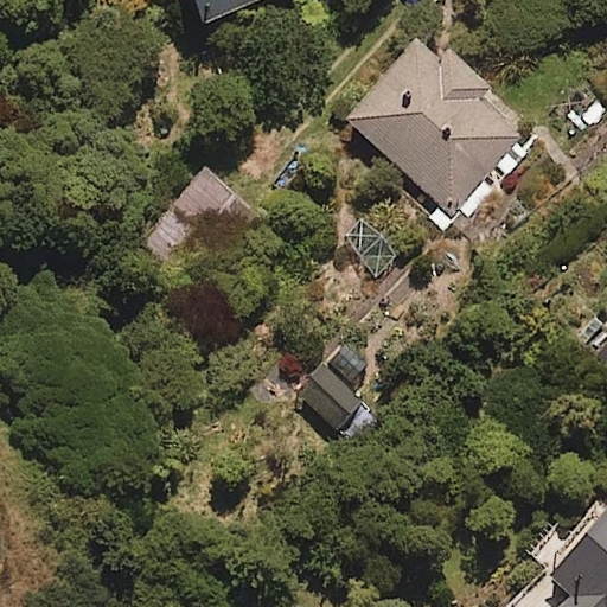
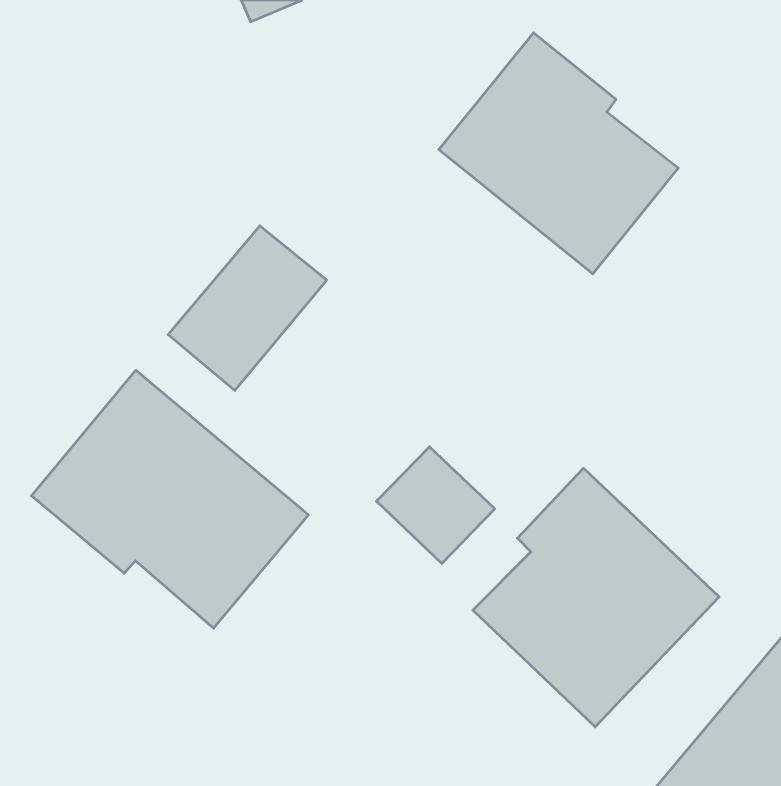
building: none -> [31,370,308,628]
building: none -> [473,468,719,727]

